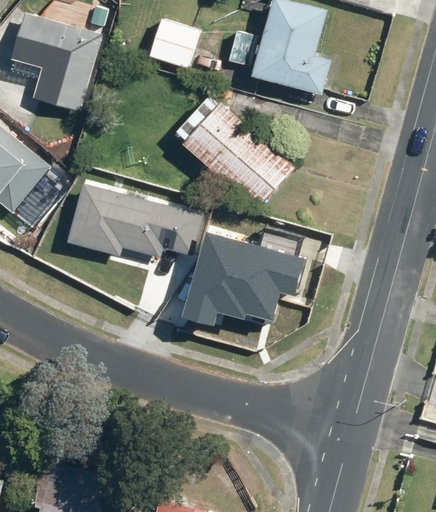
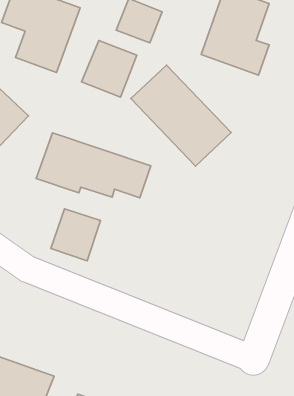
building: none -> [82,40,137,97]
building: [182,231,303,326] -> none
building: none -> [51,209,100,261]

